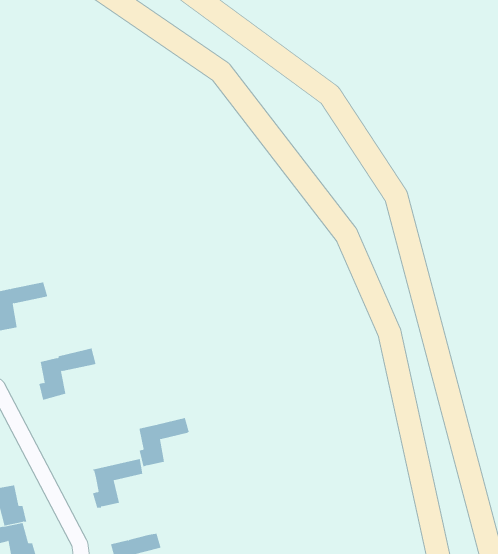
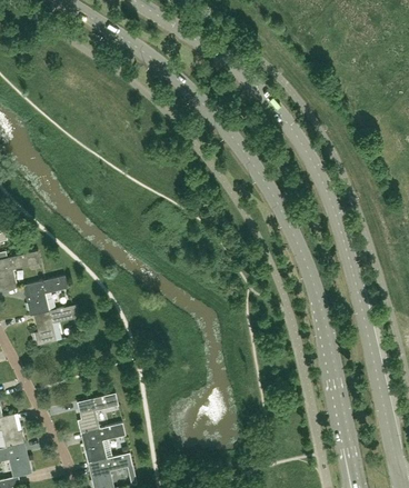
building: none -> [27,276,68,317]
building: [139,417,190,467] -> [84,424,126,464]

